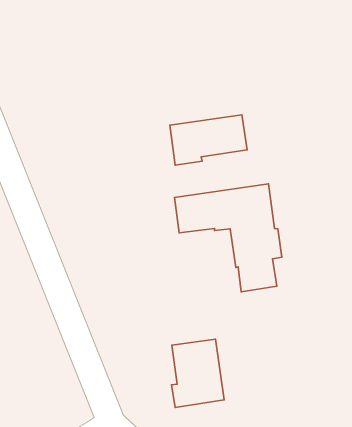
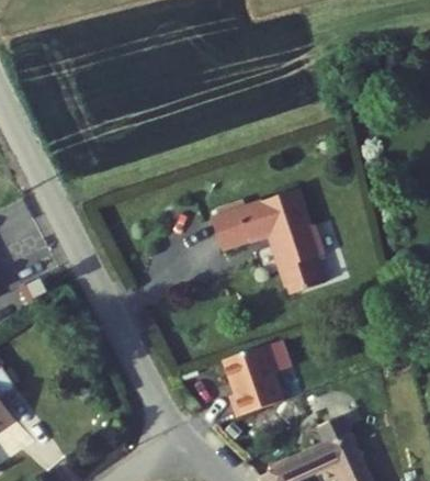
building: [170,115,247,165] -> none

